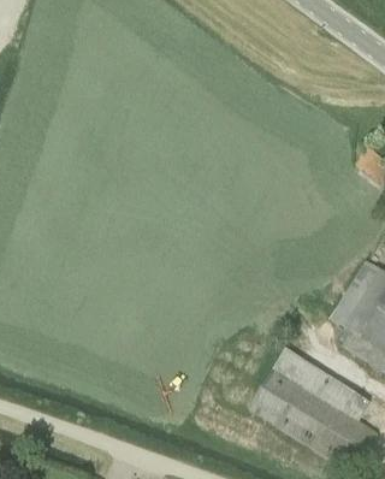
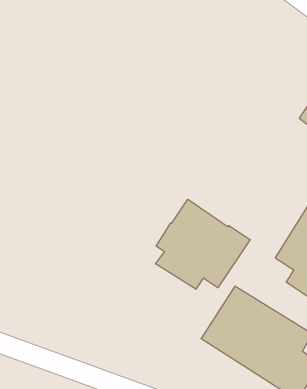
building: none -> [155,199,250,289]

